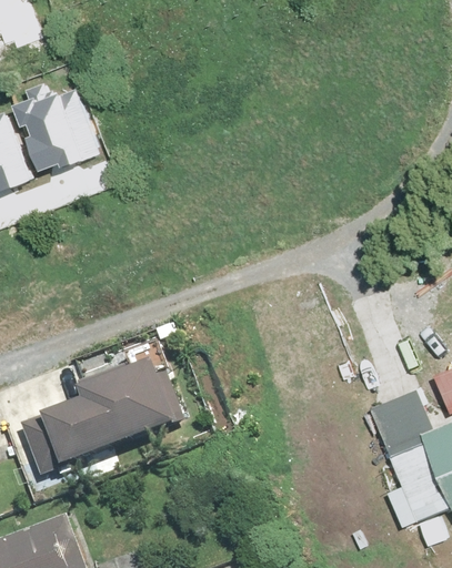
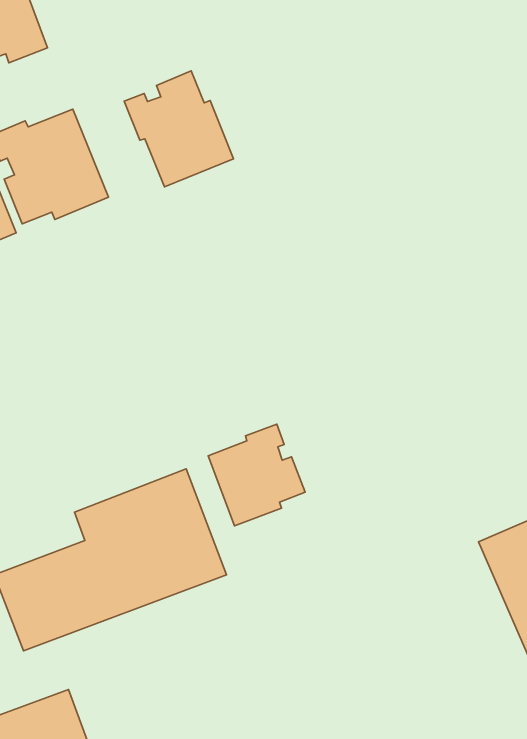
building: none -> [124,71,233,187]
building: none -> [208,424,305,526]

